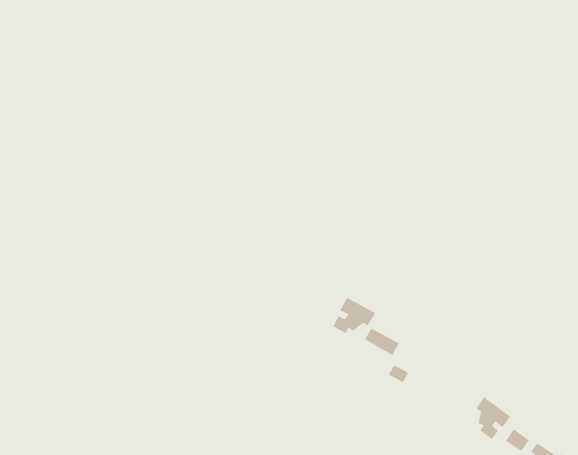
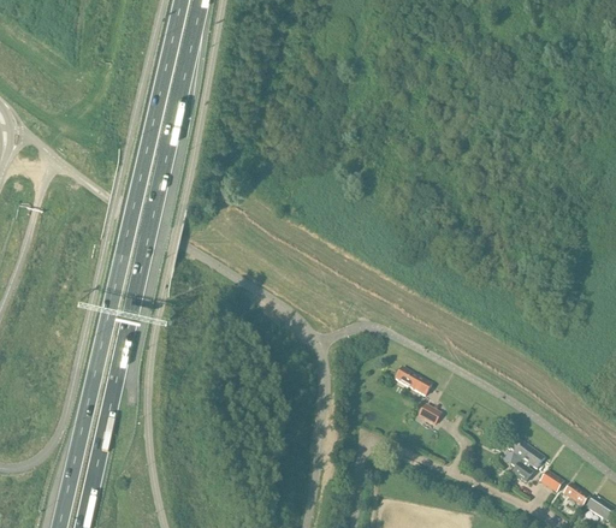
building: [332,297,376,334] -> none

